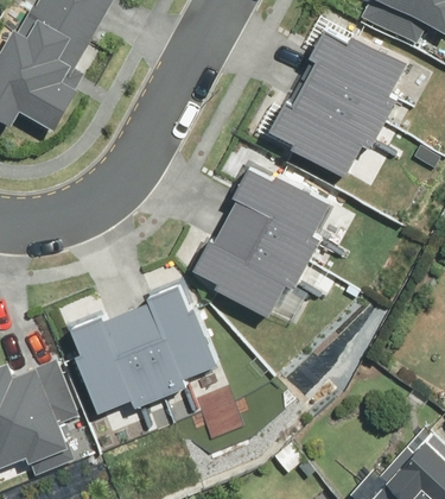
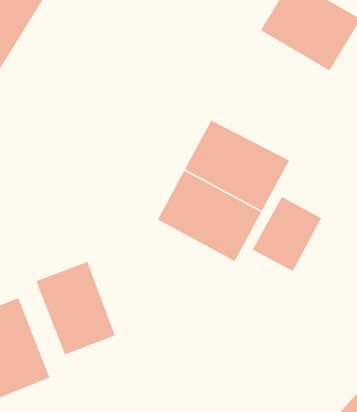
building: [272,77,375,172] -> none
building: none -> [252,196,322,272]
building: [129,291,211,387] -> none

